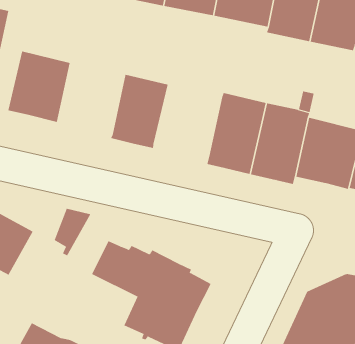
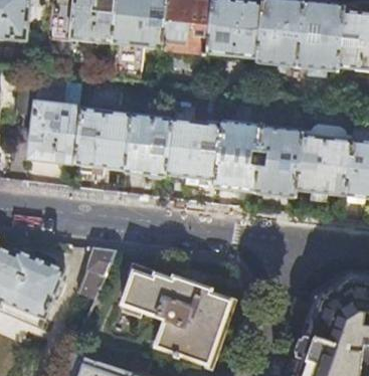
building: none -> [75,110,132,171]
building: none -> [165,103,221,181]

